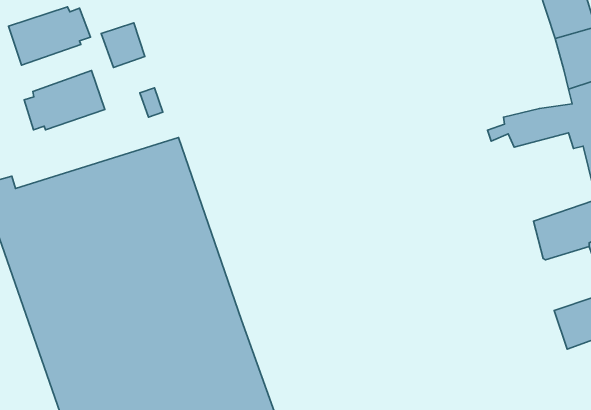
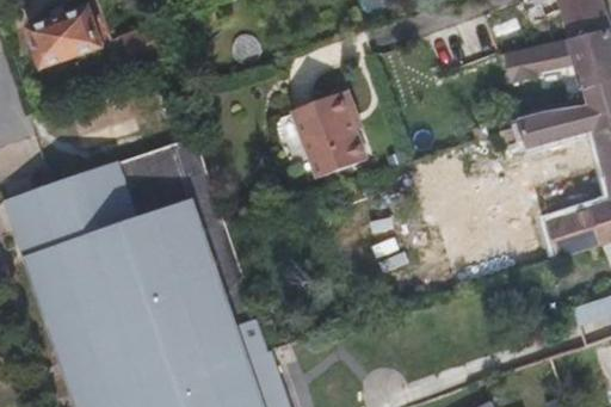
building: none -> [493,39,576,86]
building: [24,70,105,130] -> none
building: none -> [290,90,364,178]

